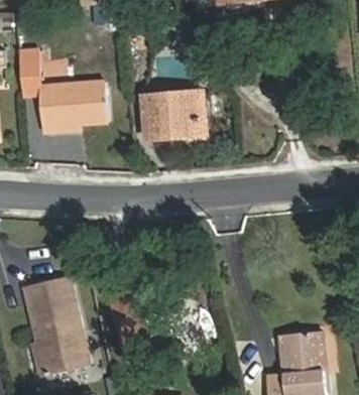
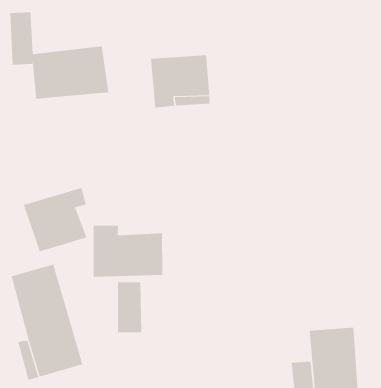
building: none -> [23,187,87,252]
building: none -> [93,225,163,277]

